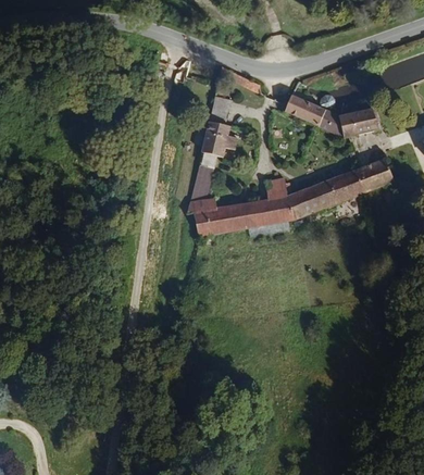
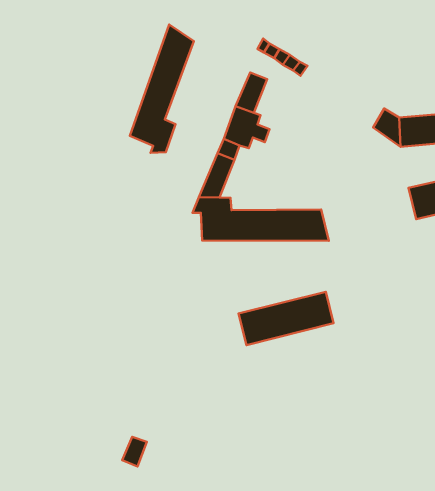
building: none -> [130,24,194,153]
building: [284,93,325,124] -> none
building: [287,167,363,218] -> [238,292,334,345]

